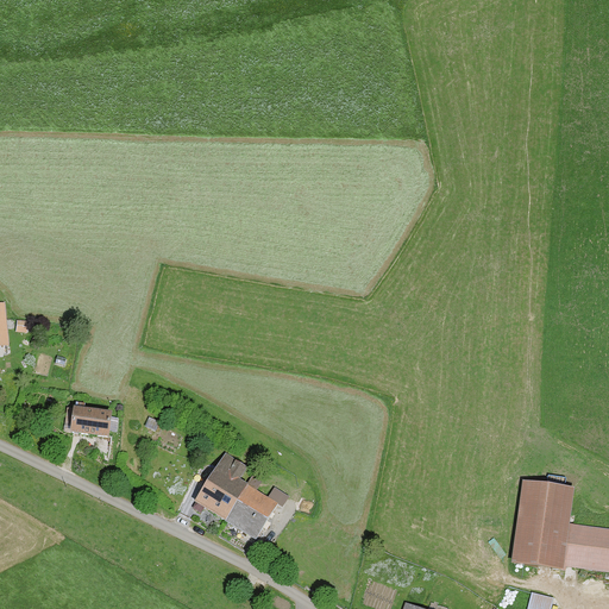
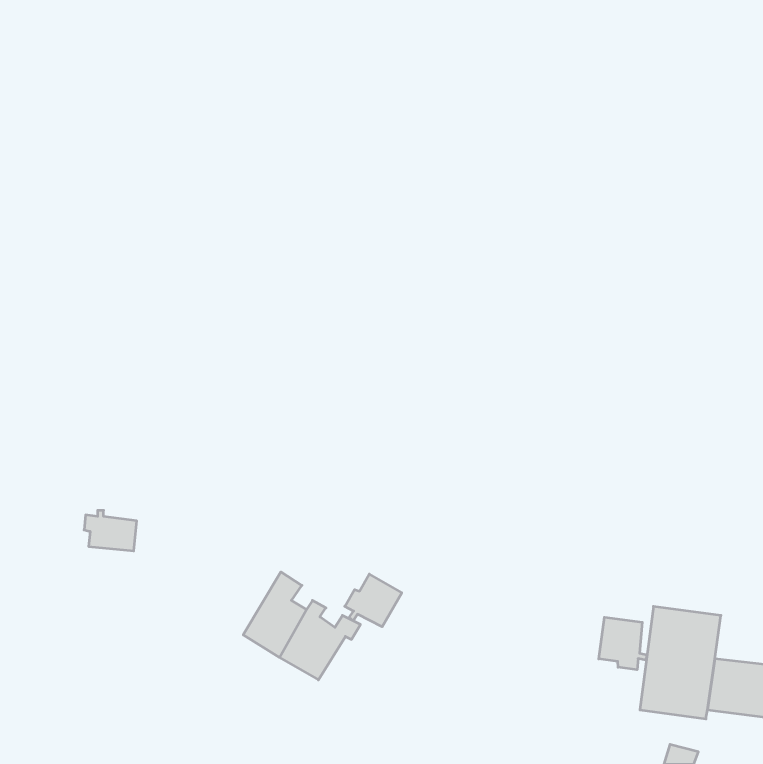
building: none -> [345,574,402,627]
building: none -> [599,617,647,670]

